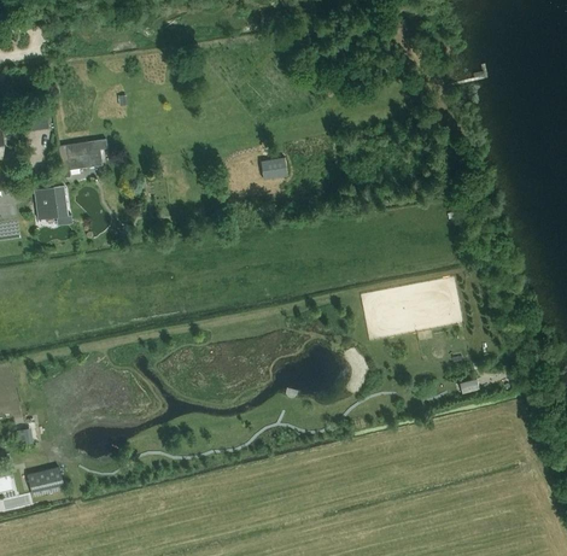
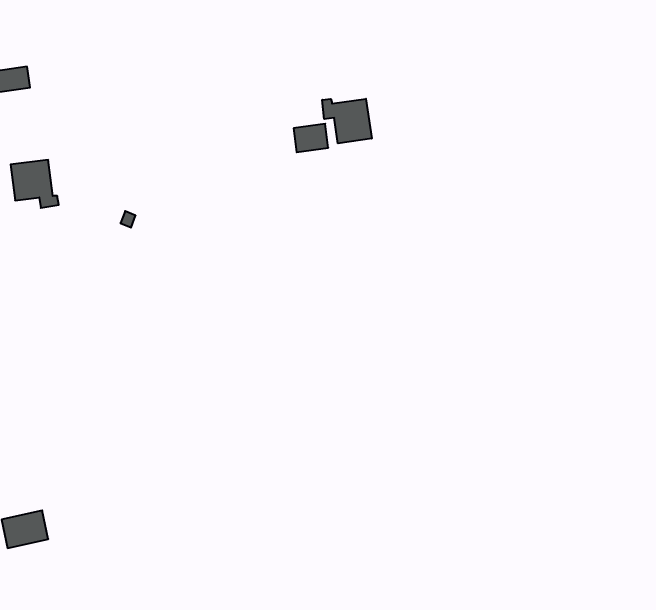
building: none -> [322,99,372,143]
building: [59,139,106,175] -> none

